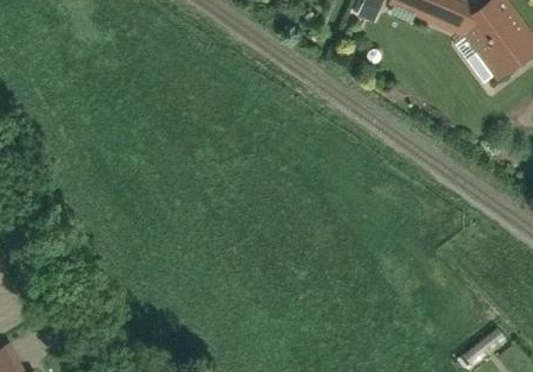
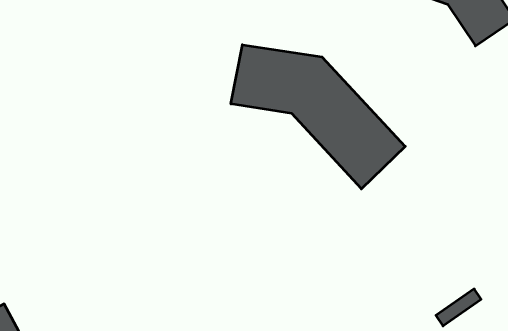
building: none -> [231,45,405,189]

